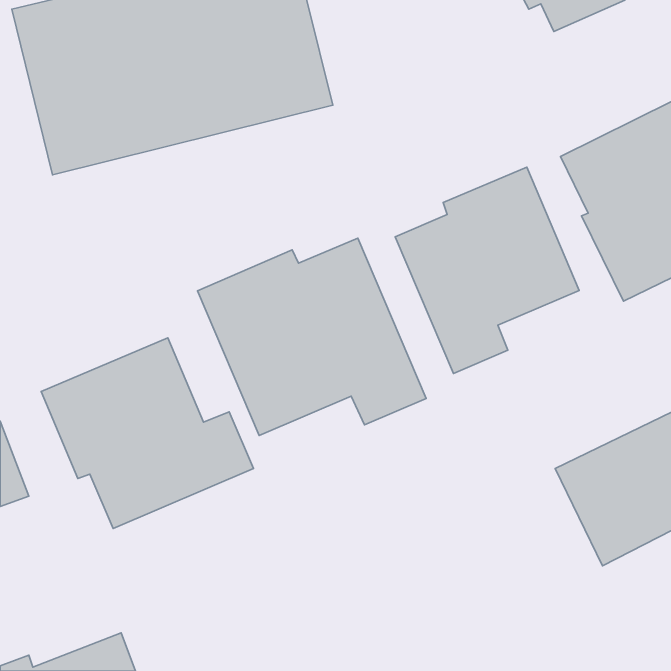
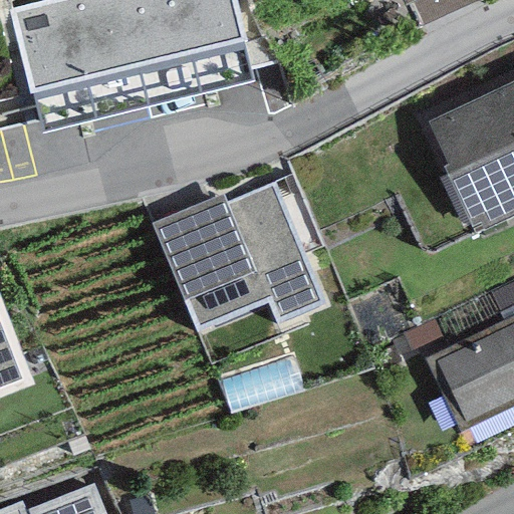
building: [395,167,579,373] -> none
building: [41,338,253,528] -> none

